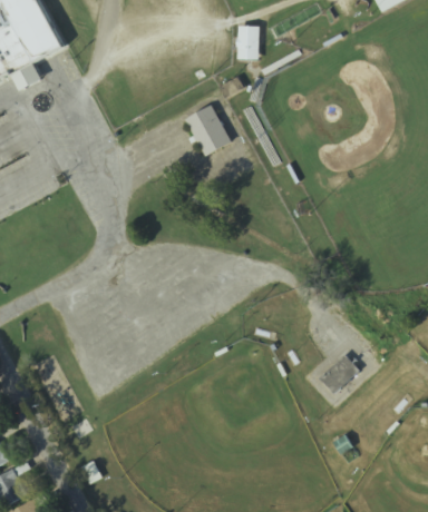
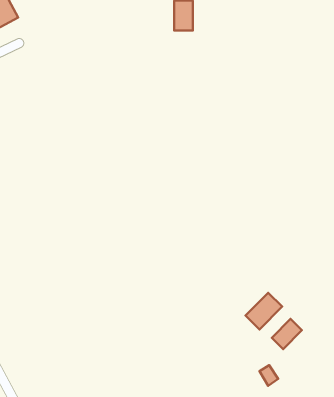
building: [186,105,231,156] -> none
building: none -> [272,319,302,349]

